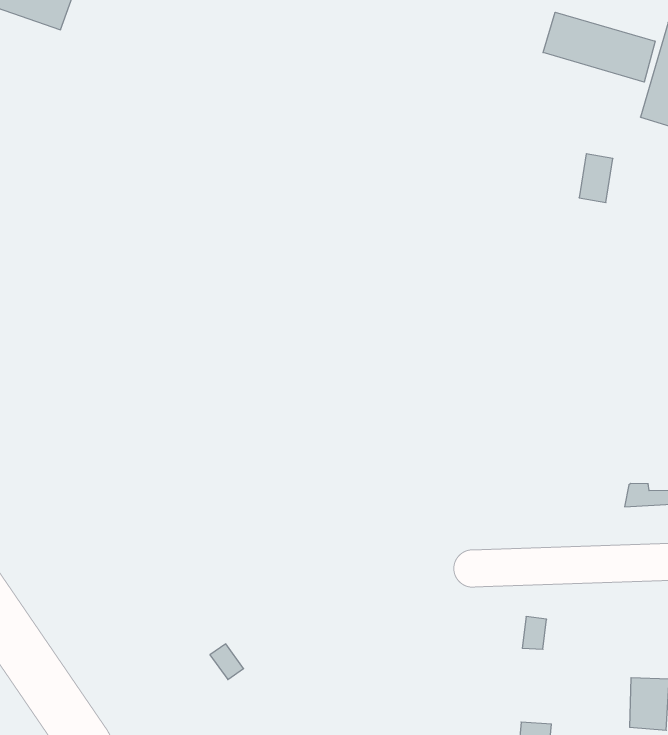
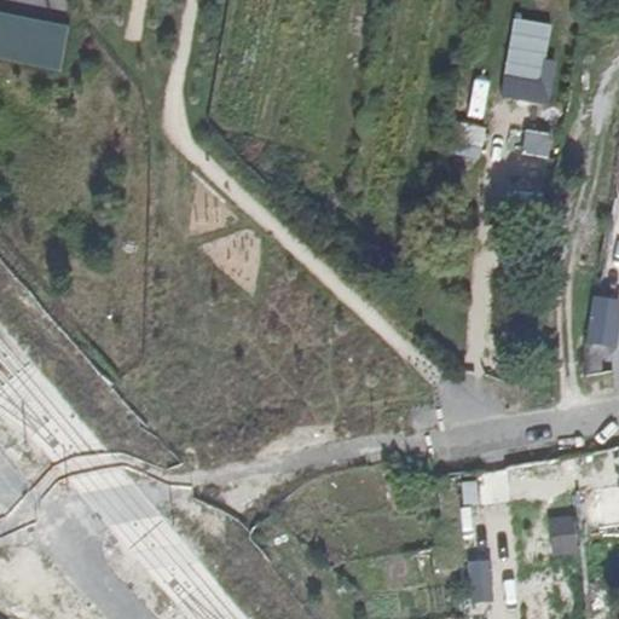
building: [543,12,655,82] -> none

